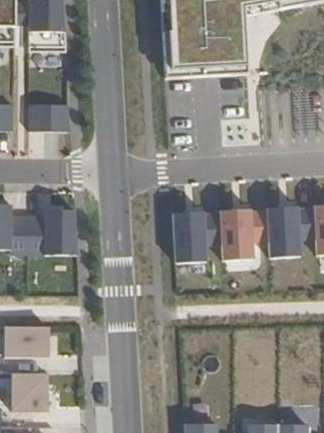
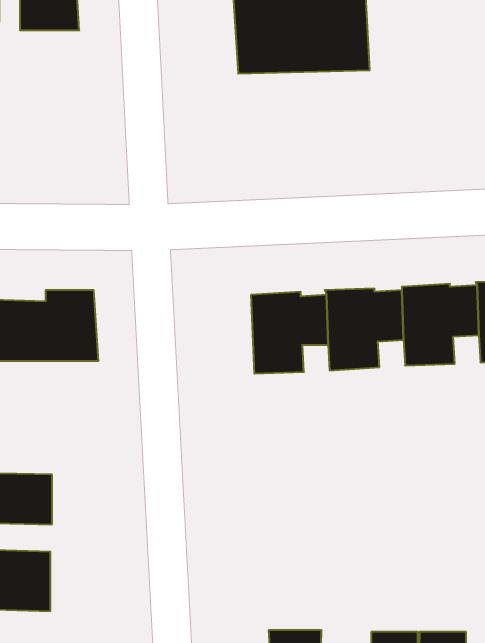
building: [29,103,70,130] -> none

